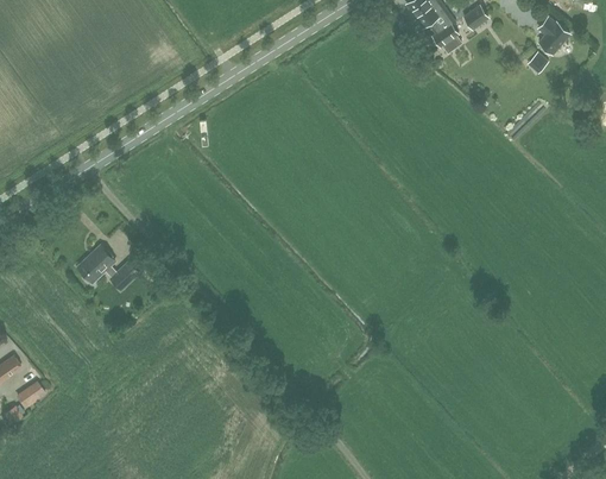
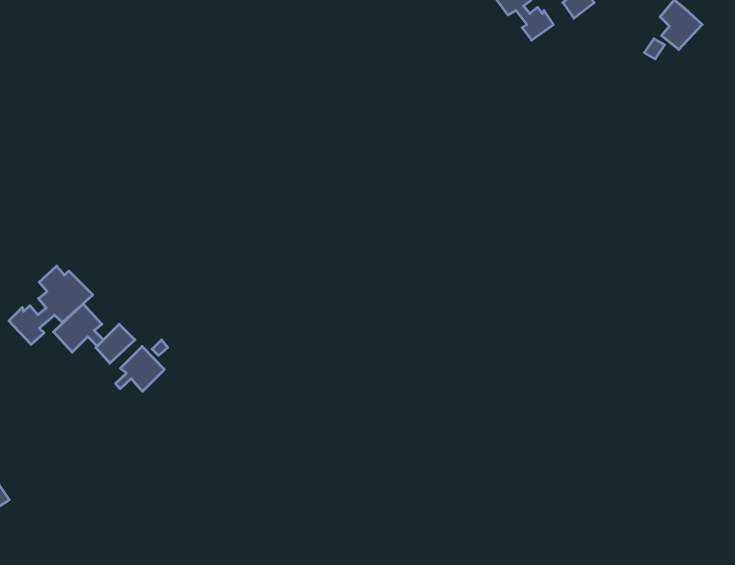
building: none -> [9,266,93,344]
building: none -> [116,346,164,391]

